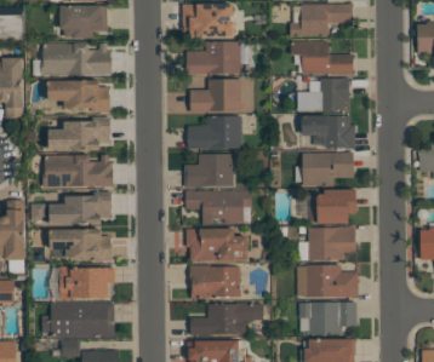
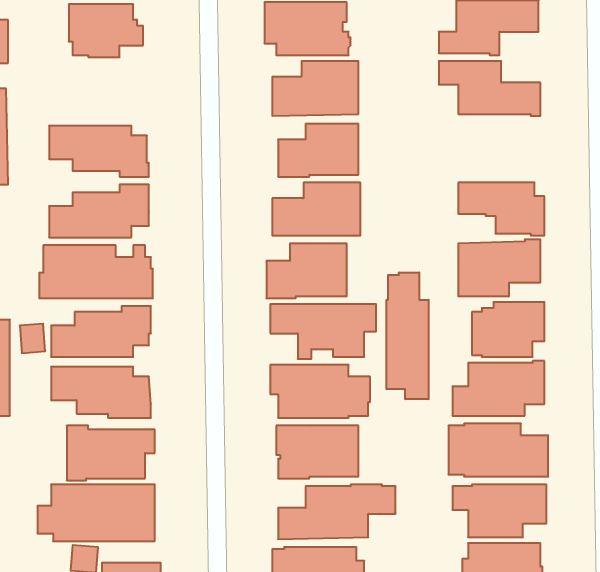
building: [41,44,112,76] -> none
building: [297,77,349,111] -> none
building: none -> [387,272,429,399]

